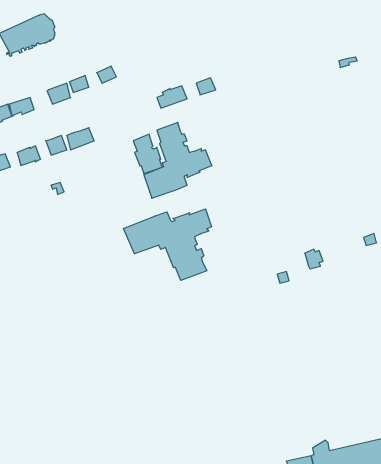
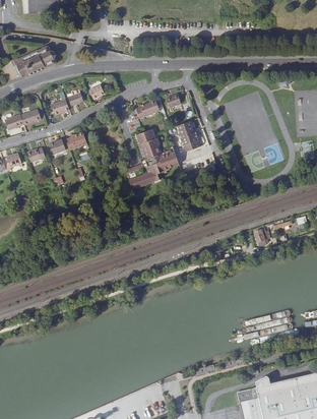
building: [133,134,162,174] -> [175,120,197,151]
building: [124,209,211,280] -> none

